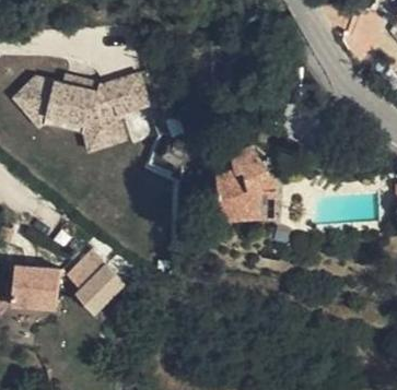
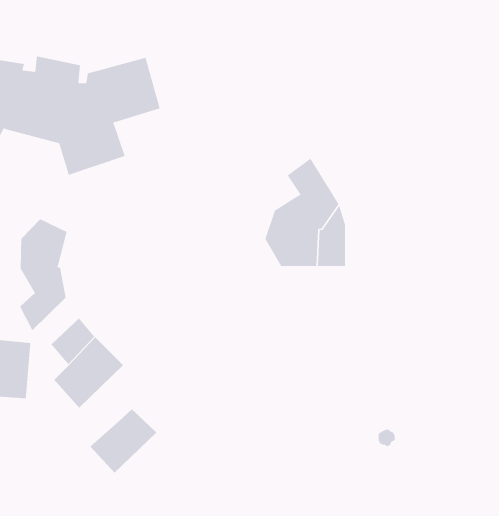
building: none -> [20,219,67,331]
building: none -> [89,408,157,473]

